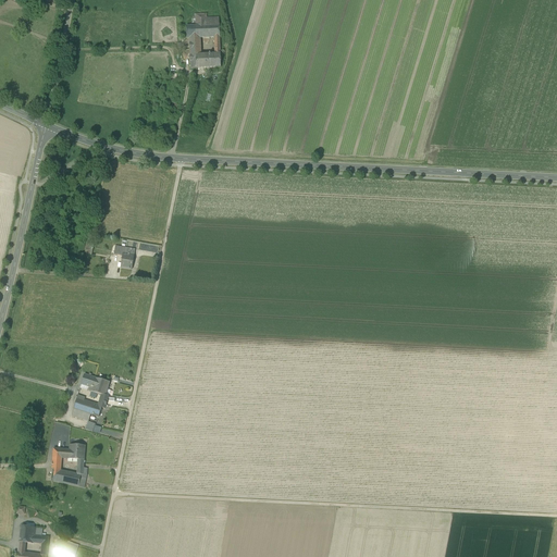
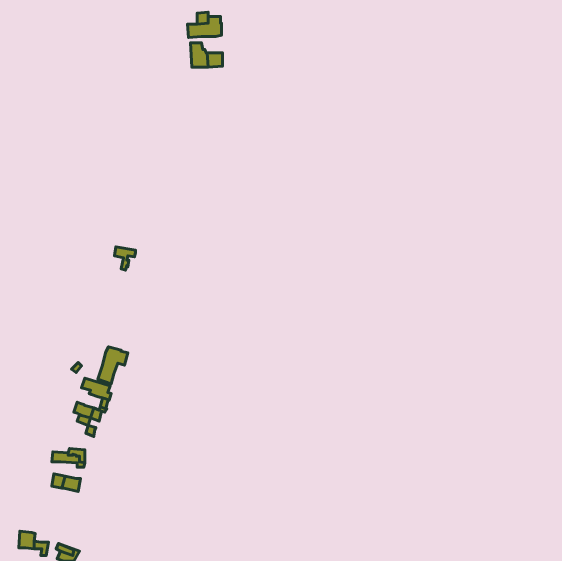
building: none -> [98,347,128,384]

